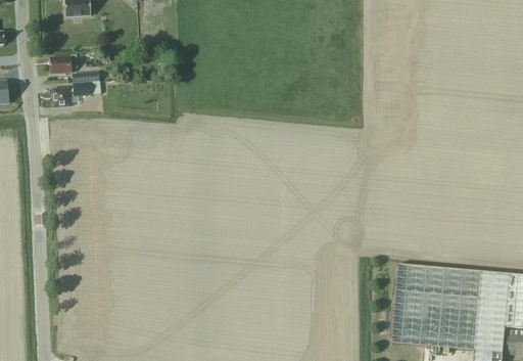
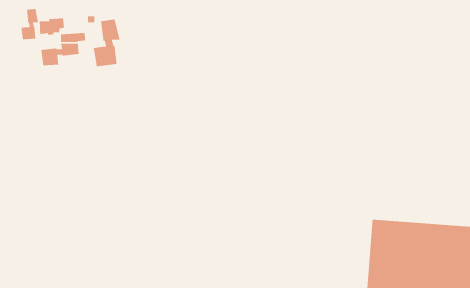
building: none -> [21,8,39,40]
building: none -> [93,19,121,67]

